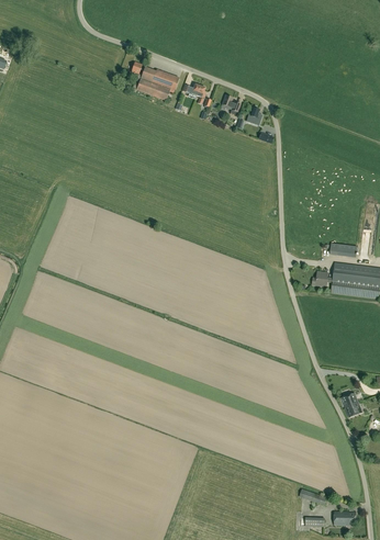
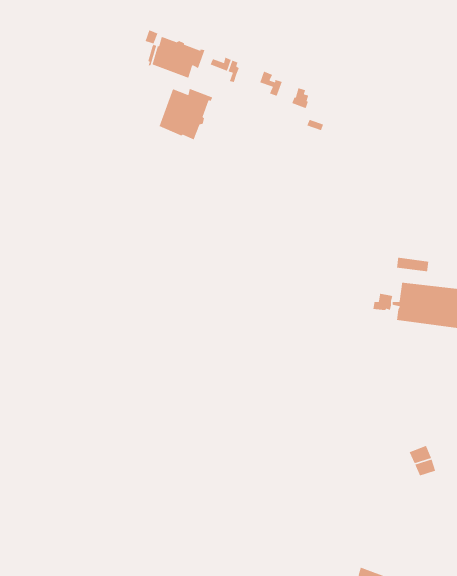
building: none -> [158,88,213,141]

